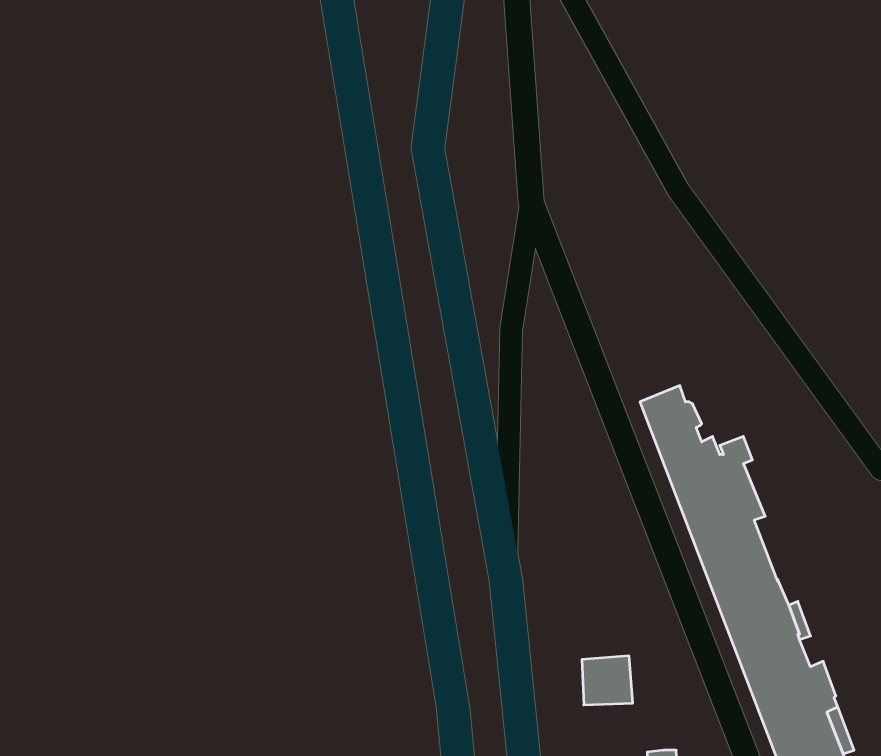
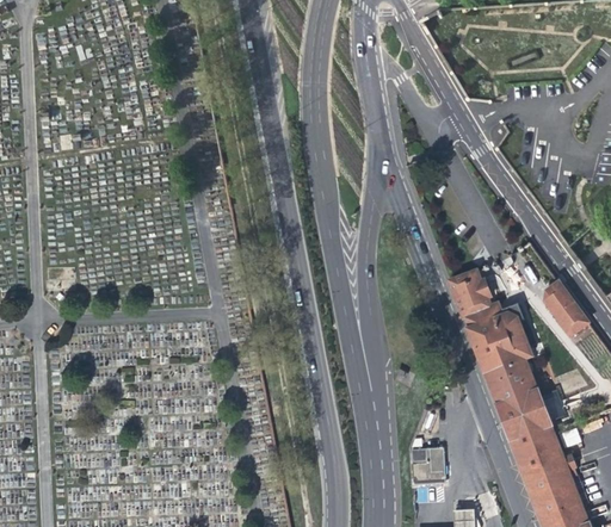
building: none -> [544,283,587,336]

